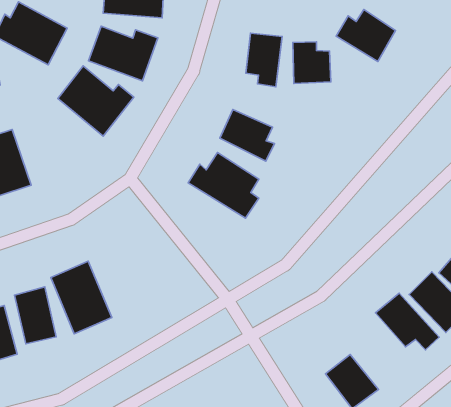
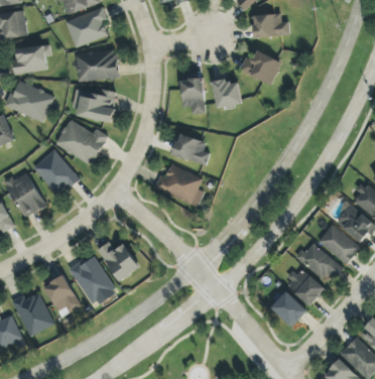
building: none -> [33,149,80,197]
building: none -> [99,242,140,281]
building: none -> [286,265,325,305]

